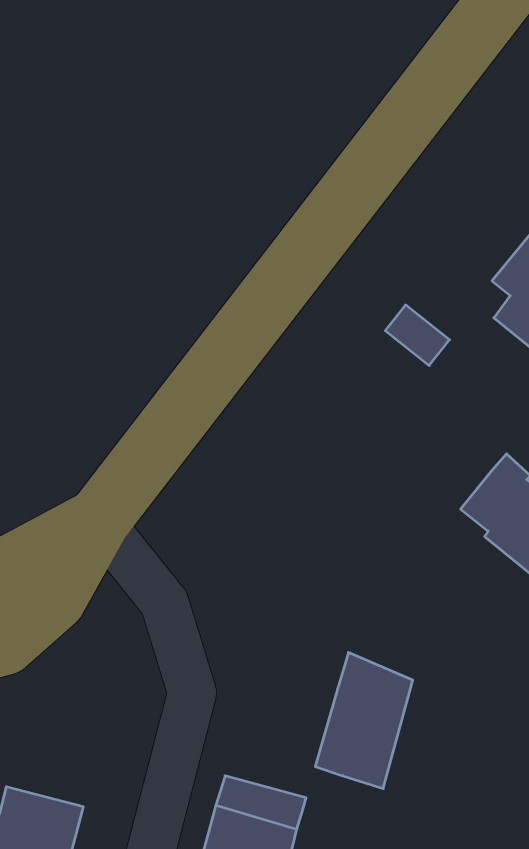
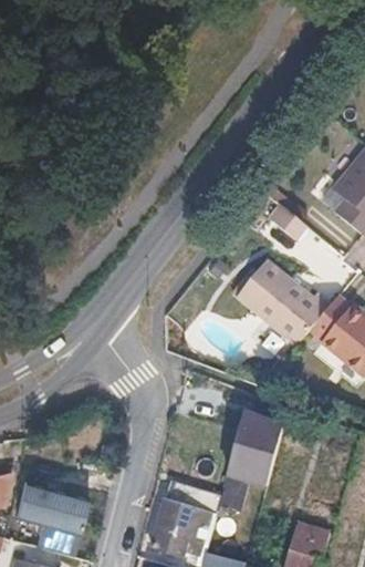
building: none -> [240,259,331,342]

